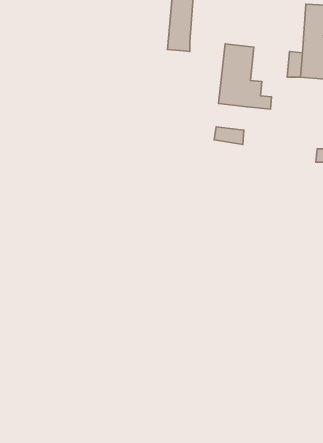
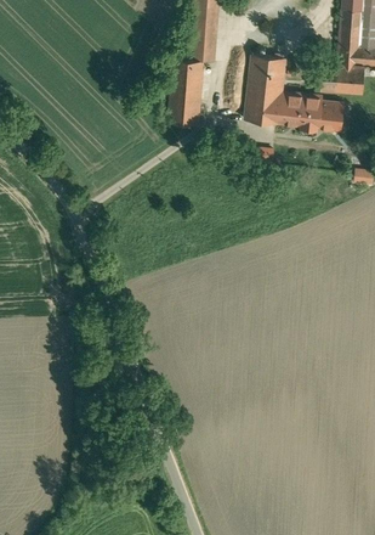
building: none -> [167,57,203,124]
building: none -> [291,95,342,129]

